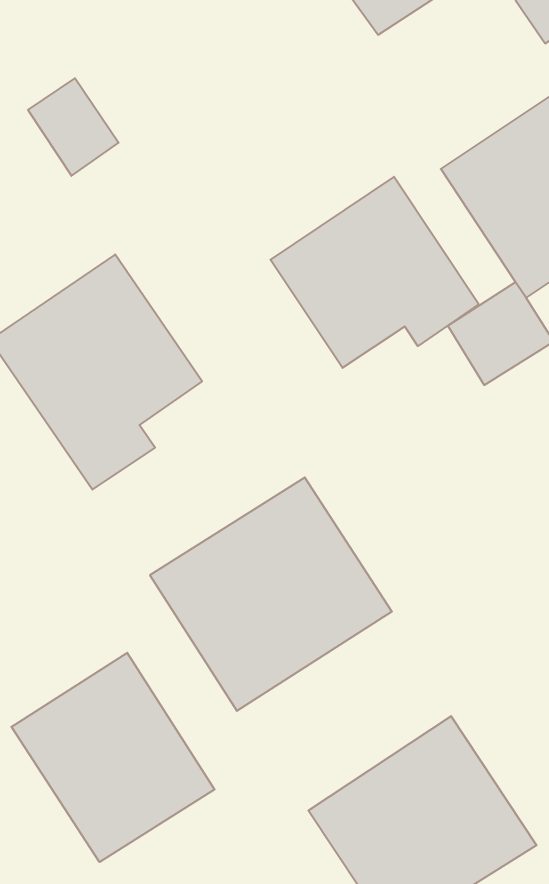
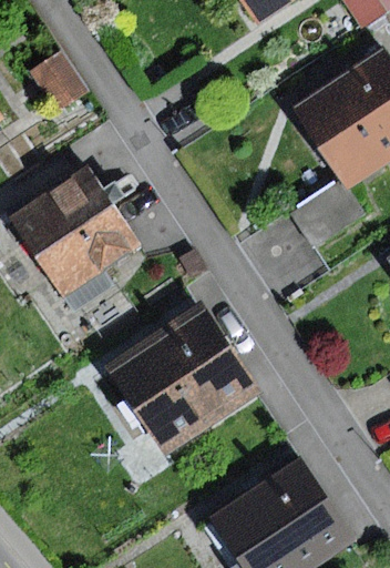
building: [270,177,479,368] -> none
building: [11,653,215,862] -> none

